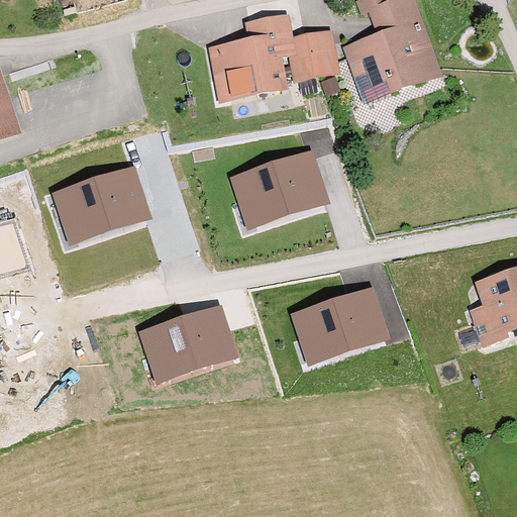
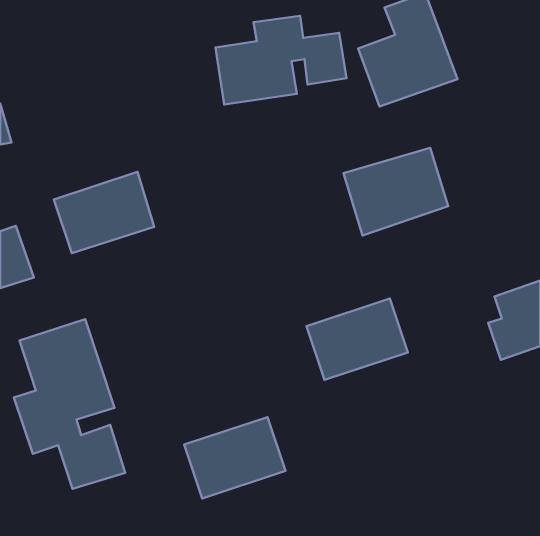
building: [231,151,331,235] -> [344,148,448,236]
building: [139,301,236,379] -> [184,417,285,498]
building: none -> [14,319,125,489]

